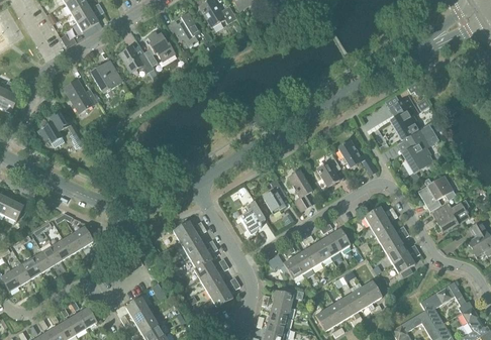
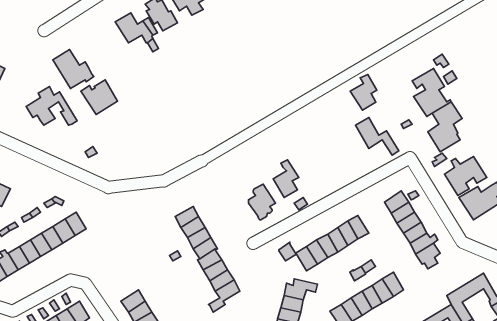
building: [90,61,123,92] -> [81,80,117,114]
building: [316,153,340,186] -> [350,74,377,110]
building: [288,169,311,210] -> none

